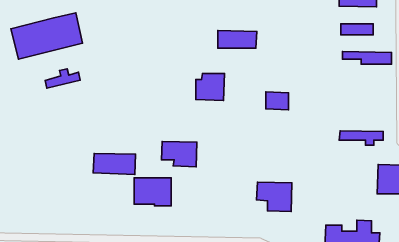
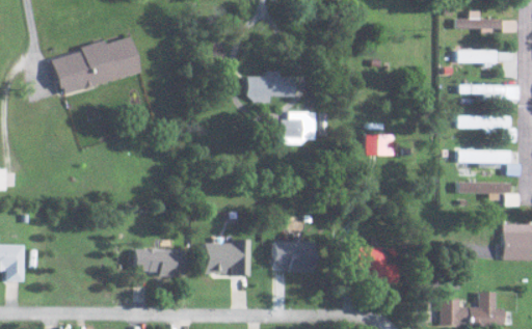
building: [218,31,257,48] -> [247,76,295,98]
building: [45,69,80,88] -> none
building: none -> [458,115,516,141]
building: none -> [458,149,517,174]
building: [161,141,197,167] -> [271,241,315,272]
building: [93,153,136,174] -> [132,247,184,273]

